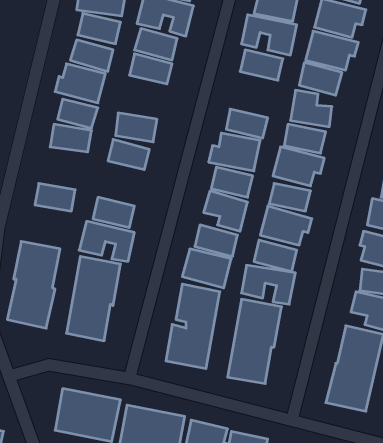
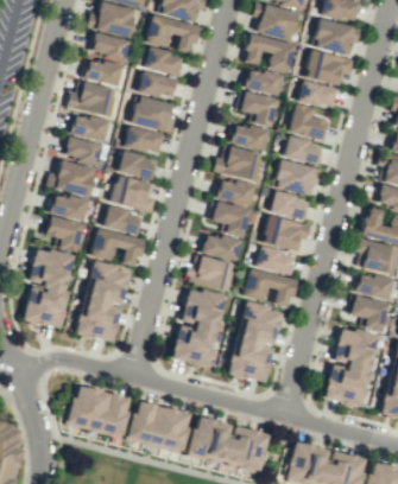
building: none -> [238,89,279,126]
building: none -> [132,95,177,132]
building: none -> [48,159,97,196]
building: none -> [110,174,156,212]
building: none -> [44,215,84,250]

